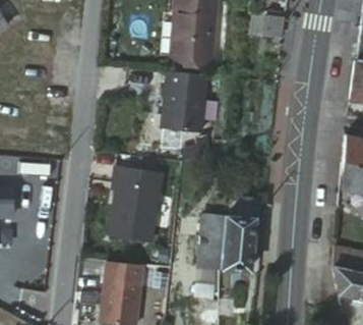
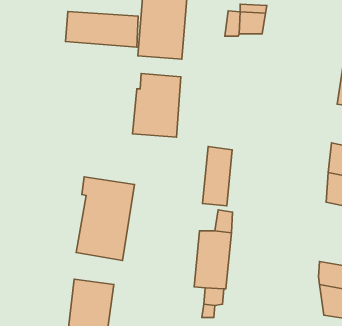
building: none -> [66,12,138,47]
building: [195,215,223,270] -> [203,146,232,206]

